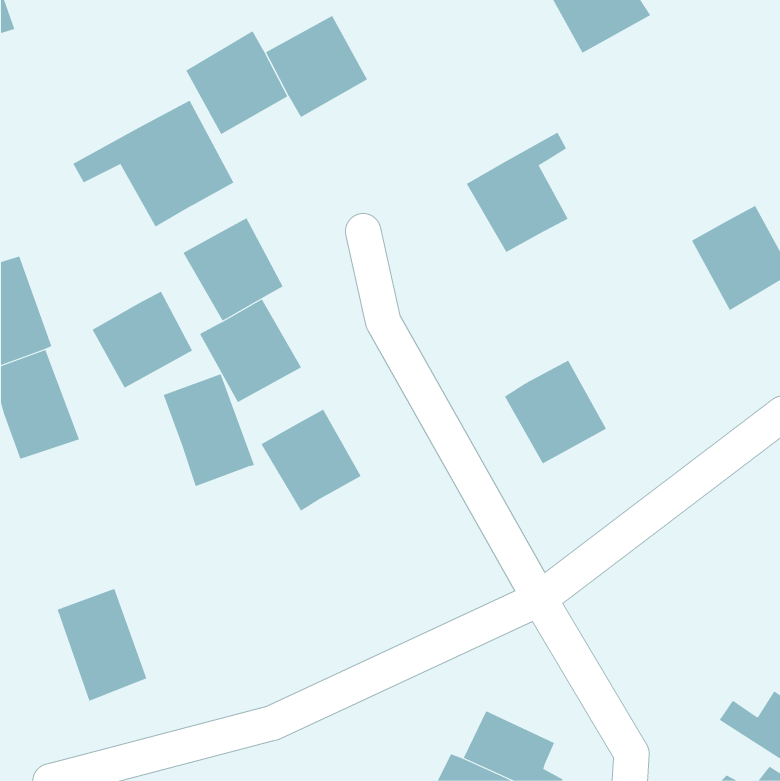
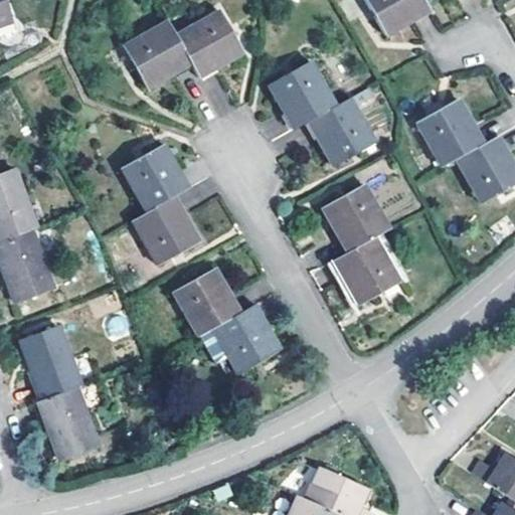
building: none -> [268,60,334,129]
building: [72,100,234,227] -> none
building: none -> [415,98,483,167]
building: none -> [323,184,388,251]
building: [92,291,193,388] -> none
building: [163,373,255,487] -> [21,325,81,399]
building: none -> [212,304,280,373]

